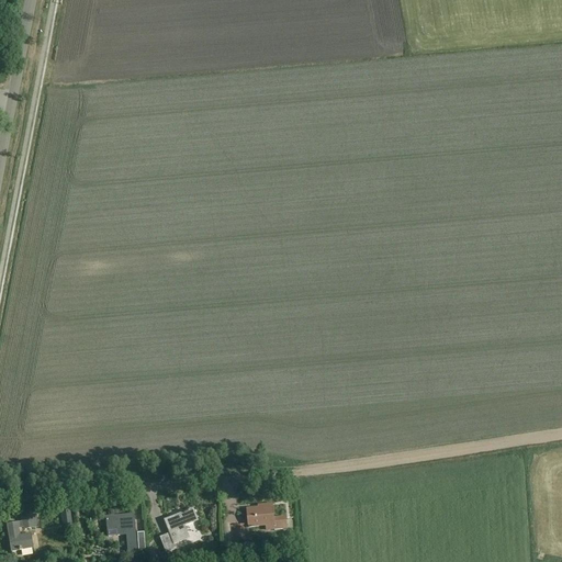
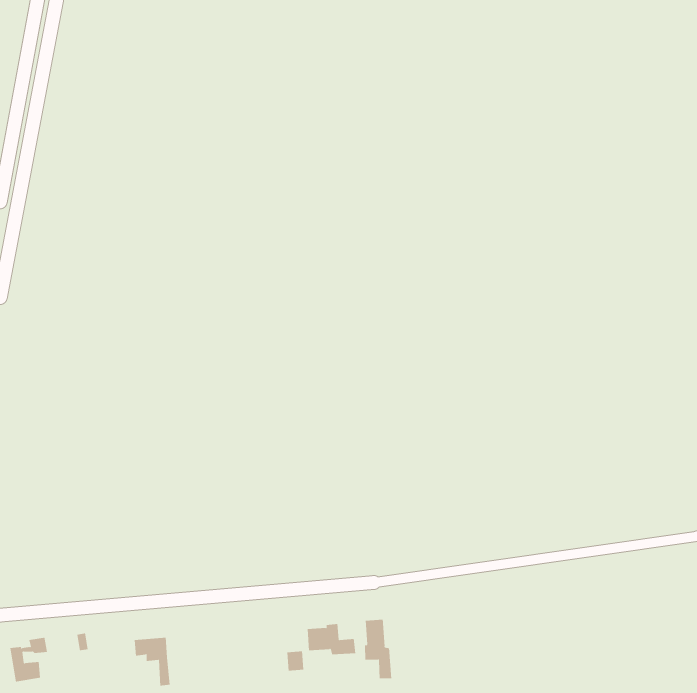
building: none -> [364,619,392,679]
building: [159,507,199,550] -> none

